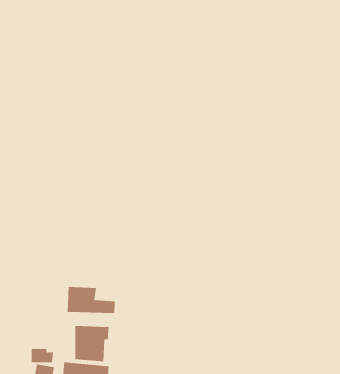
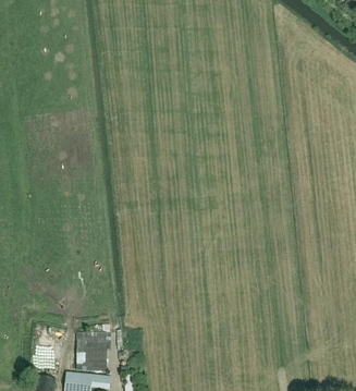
building: [67,286,115,314] -> none

